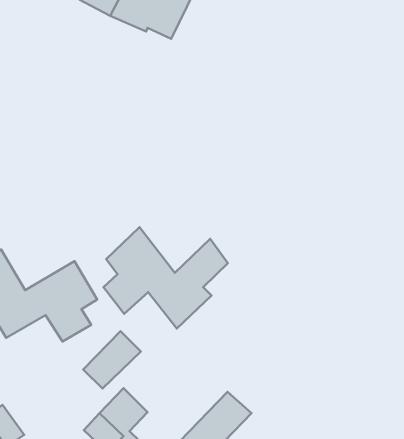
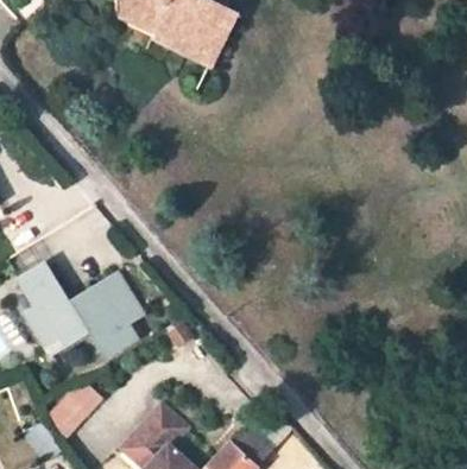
building: [104,227,228,328] -> none
building: [83,331,141,389] -> [49,379,106,436]

